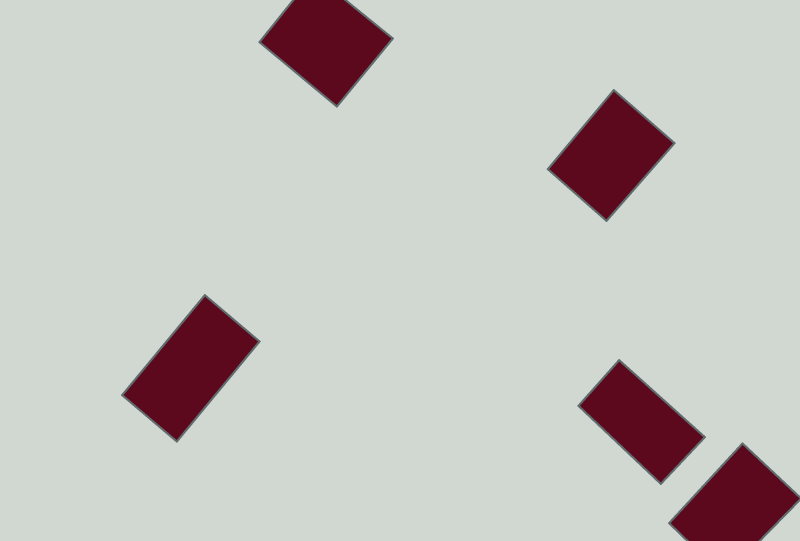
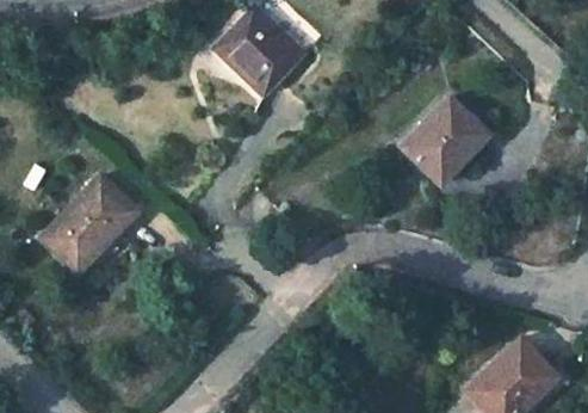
building: [122,295,260,442] -> [43,175,137,272]
building: [578,360,705,484] -> none

